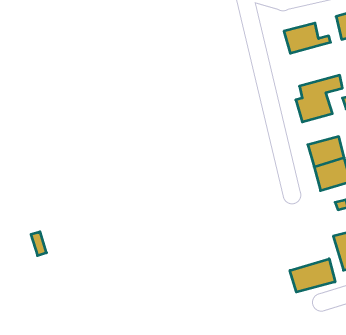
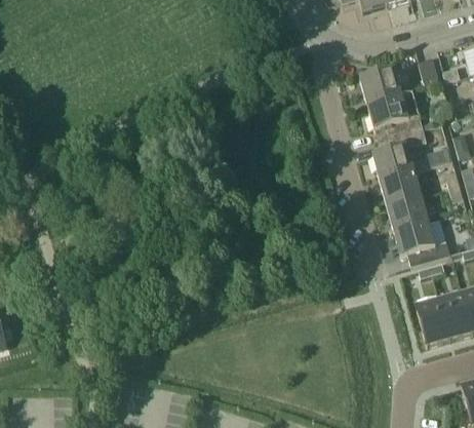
building: none -> [367,88,423,138]
building: none -> [381,168,422,203]
building: [290,259,335,292] -> none

